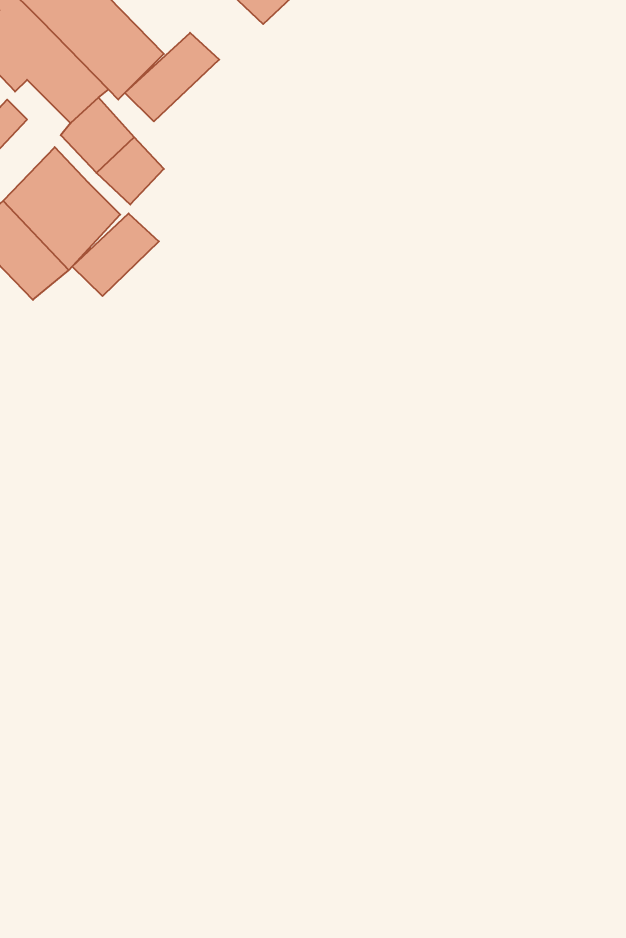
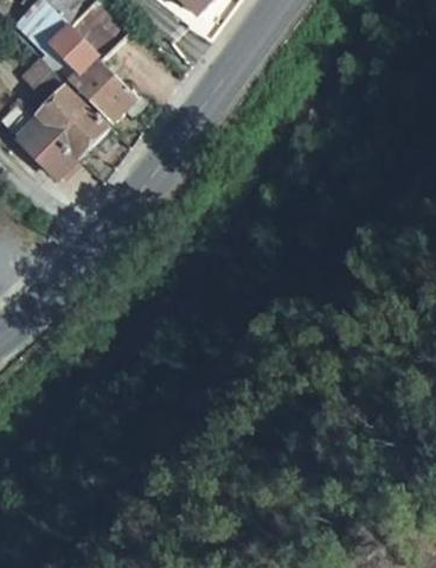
building: [125,33,219,121] -> none
building: [72,213,159,296] -> none

